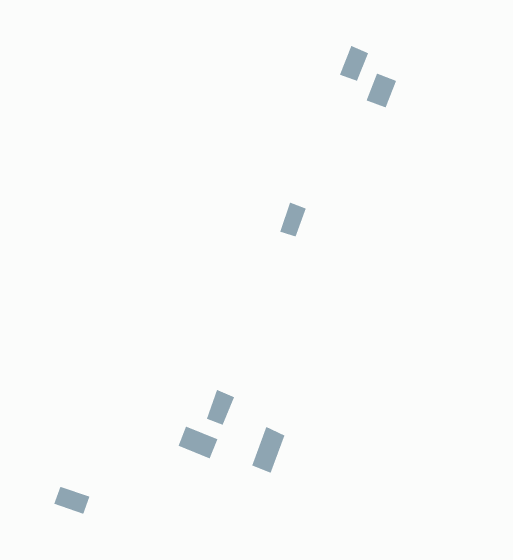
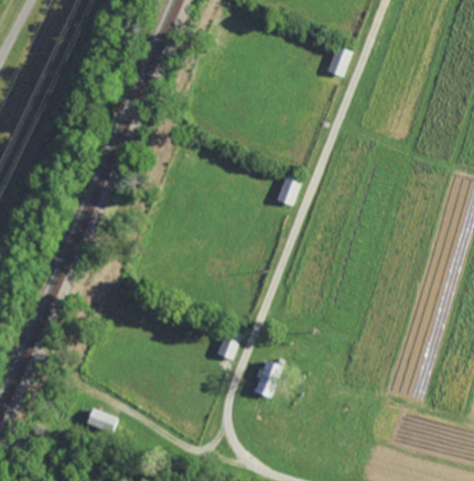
building: [365,72,397,109] -> none
building: [177,425,218,459] -> none

